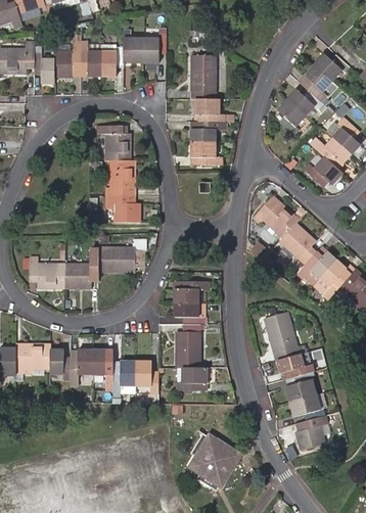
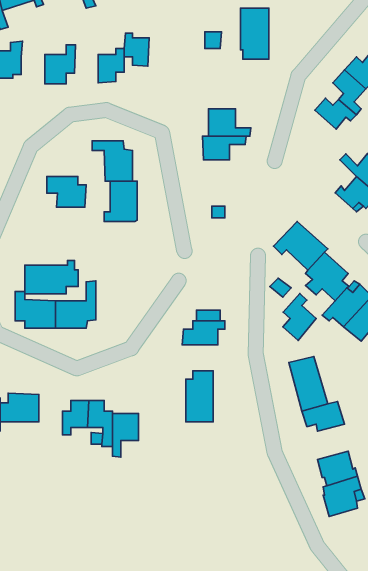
building: [143,32,166,61] -> none
building: [80,41,100,76] -> none
building: [34,53,54,83] -> none
building: [190,54,215,98] -> [240,8,269,59]
building: [278,99,306,135] -> none
building: [191,142,220,165] -> none
building: [105,195,139,222] -> [47,176,86,207]
building: [98,242,144,271] -> [25,261,78,294]
building: none -> [283,294,316,341]
building: [173,301,203,324] -> none
building: [49,348,70,379] -> none
building: [135,361,157,390] -> none
building: [177,368,205,389] -> none
building: [285,370,316,401] -> none
building: [190,432,240,491] -> none

